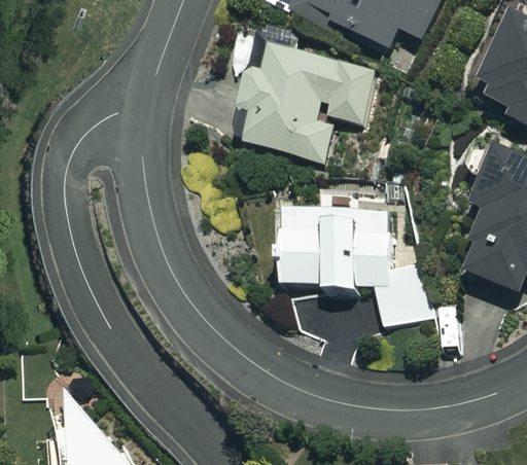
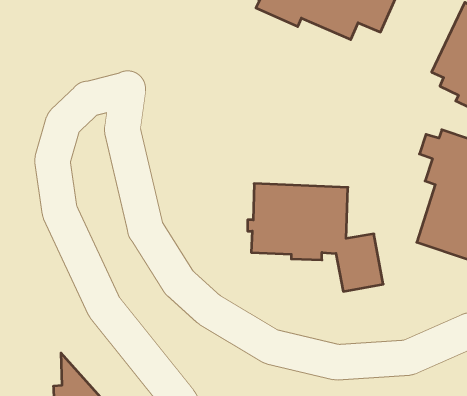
building: [239,40,376,163] -> none

